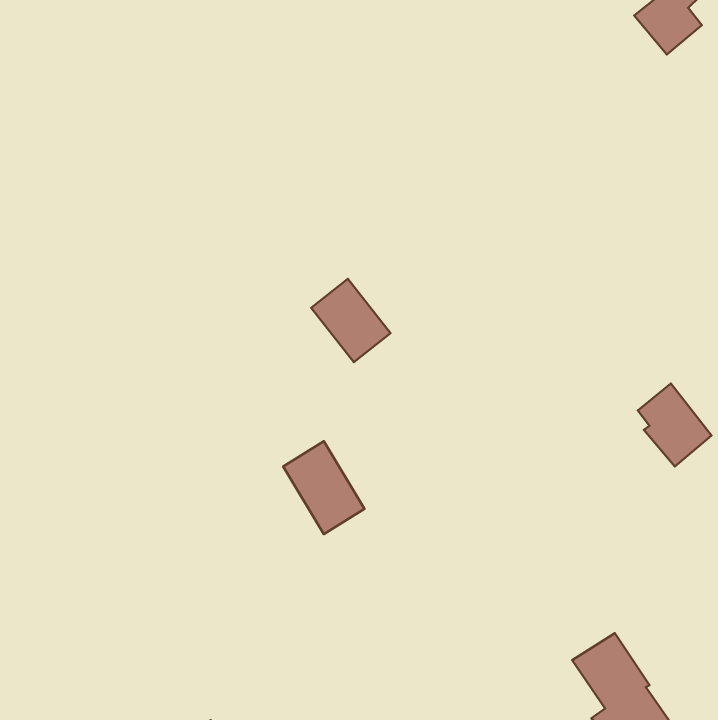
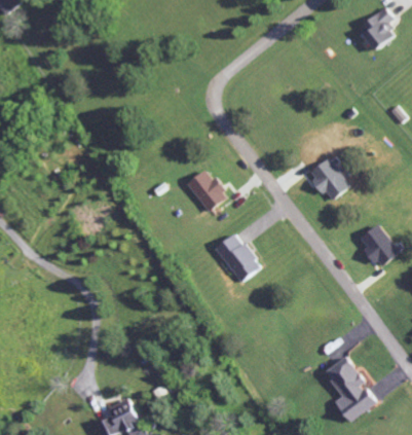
building: none -> [308,158,349,201]
building: [283,441,364,534] -> [216,233,259,283]

